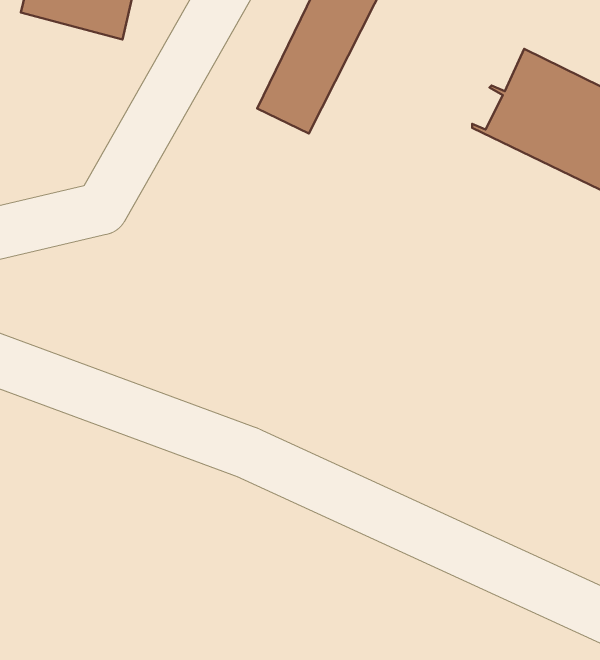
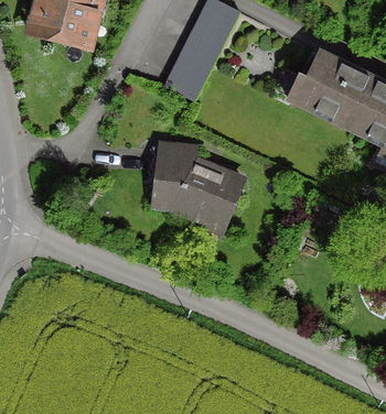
building: none -> [151,144,242,233]

